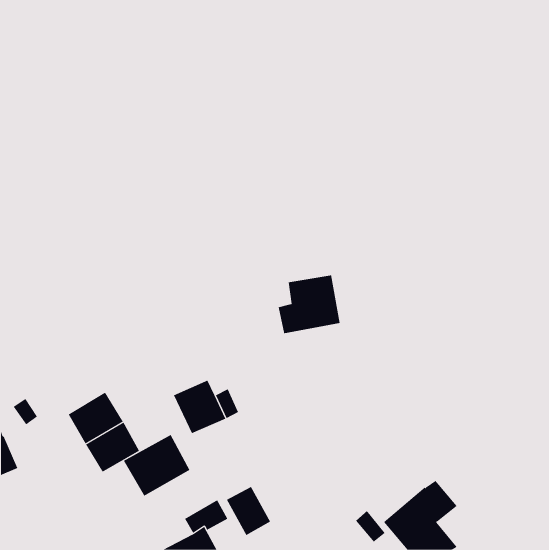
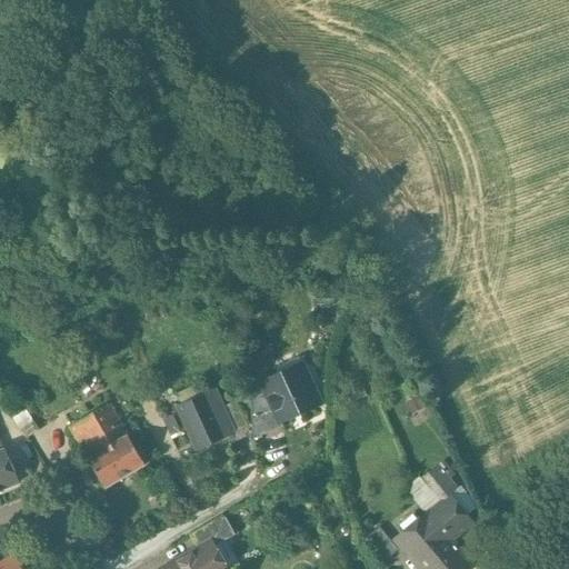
building: [278,275,340,334] -> [251,368,316,429]
building: [123,434,190,496] -> none
building: none -> [420,466,458,503]
building: [226,486,271,536] -> none

